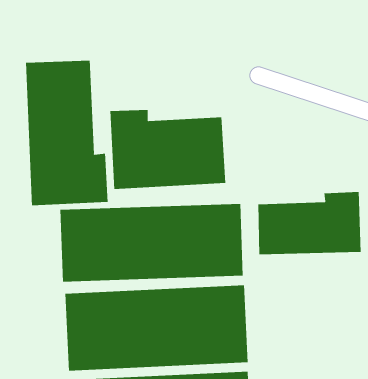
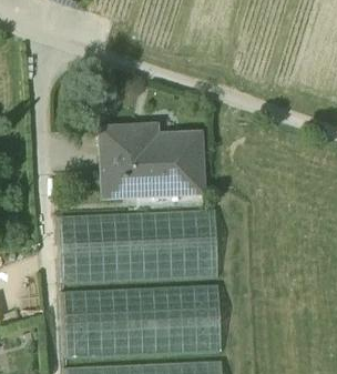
building: [26,60,108,206] -> none
building: [258,191,361,255] -> none

